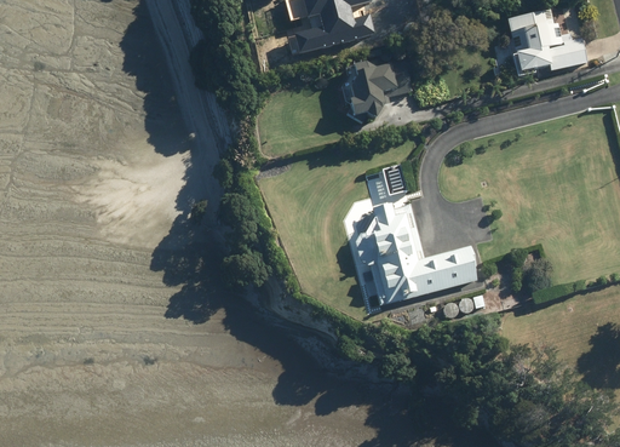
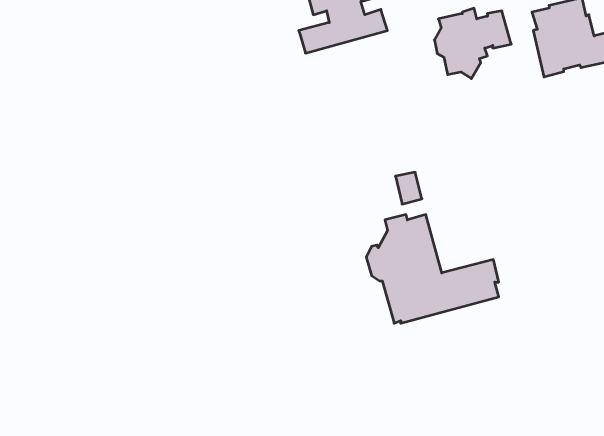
building: [340,57,411,121] -> [434,8,511,79]

